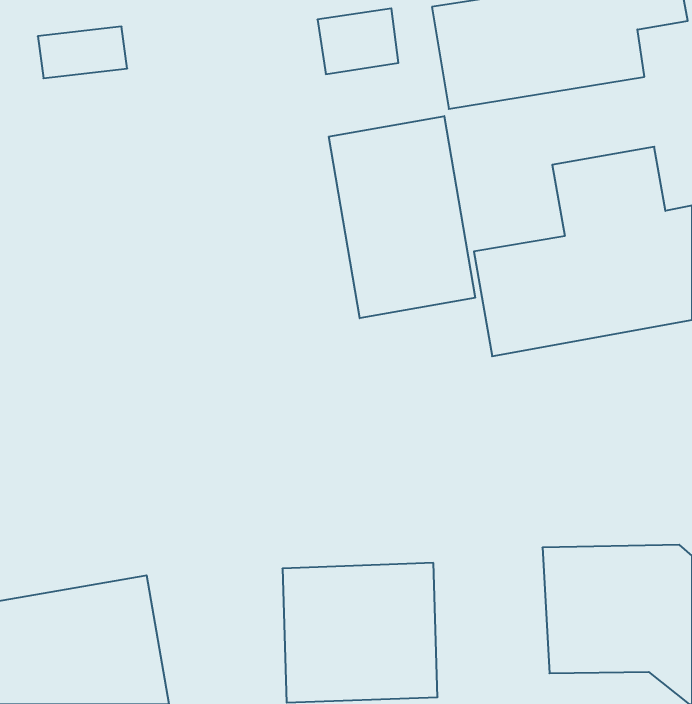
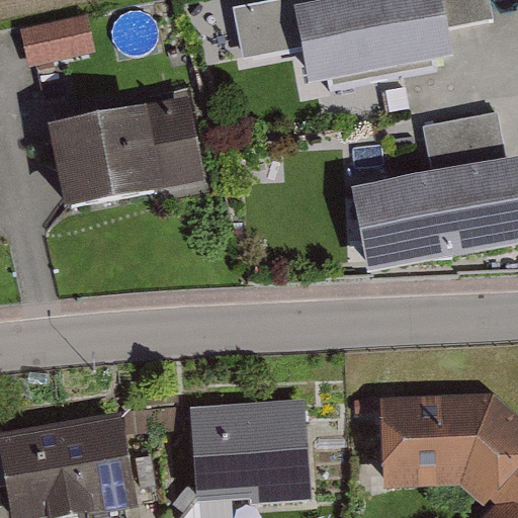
building: [329,116,475,318] -> none
building: none -> [70,99,209,204]

